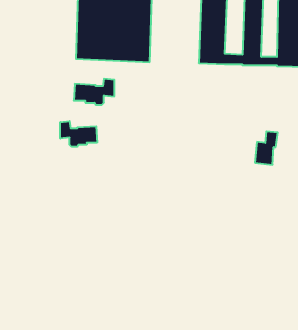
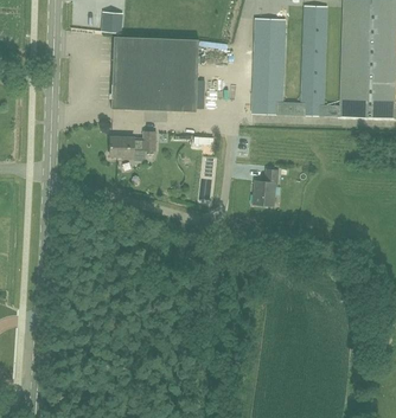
building: [60,121,97,147] -> none
building: [255,131,278,165] -> [253,167,279,205]

